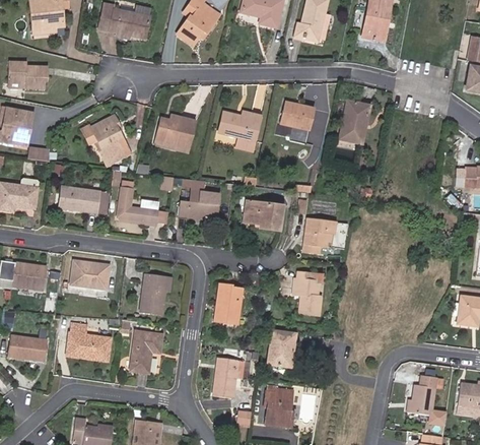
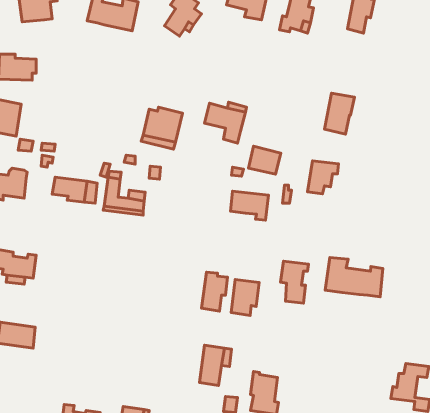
building: [281,102,314,130] -> [249,146,281,174]
building: [91,116,129,160] -> none
building: [180,178,219,219] -> none
building: [303,219,335,253] -> [307,161,338,194]
building: [70,261,109,290] -> none
building: none -> [325,258,383,297]
building: [140,274,172,313] -> none
building: [68,323,112,361] -> none
building: [268,330,296,367] -> [231,280,259,316]
building: [131,331,162,373] -> none

